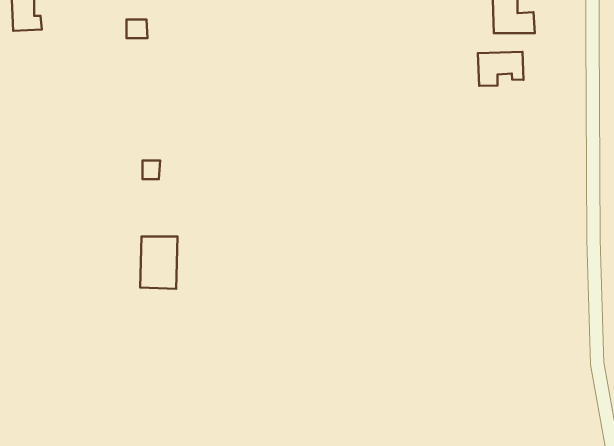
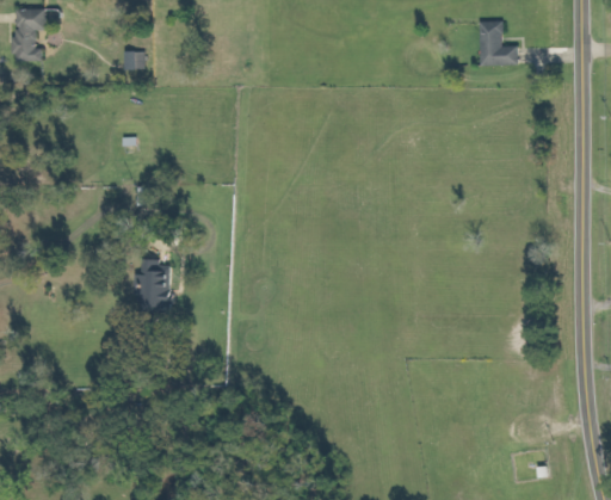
building: [478,52,523,86] -> none

